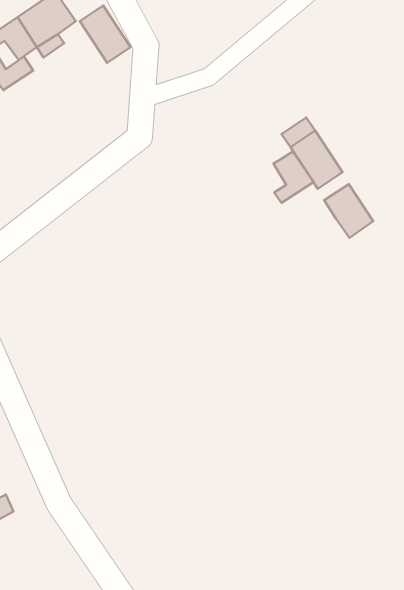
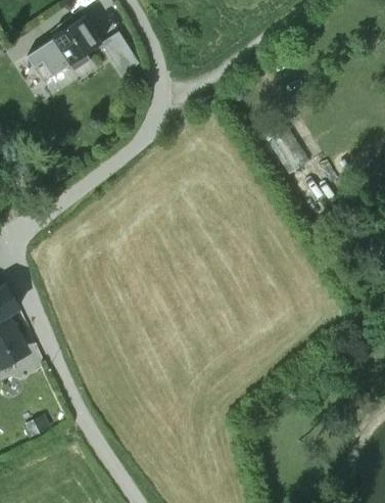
building: [274,152,313,203] -> none
building: [324,184,373,238] -> none

